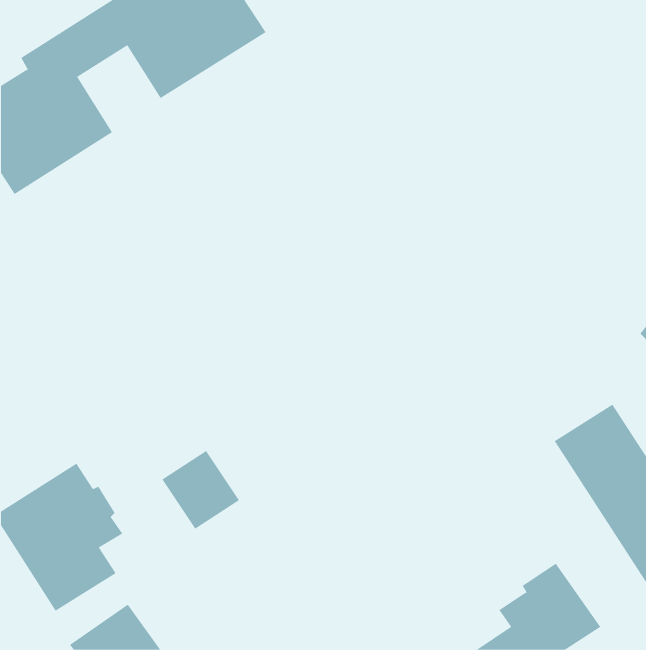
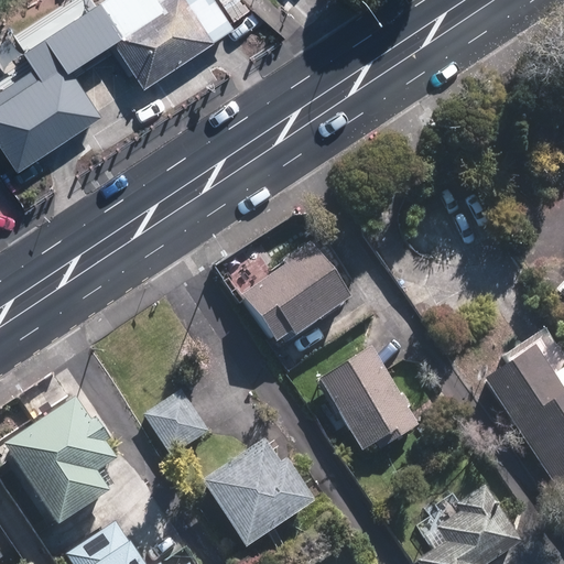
building: none -> [240,241,350,343]
building: none -> [316,345,420,449]
building: none -> [198,440,313,549]

